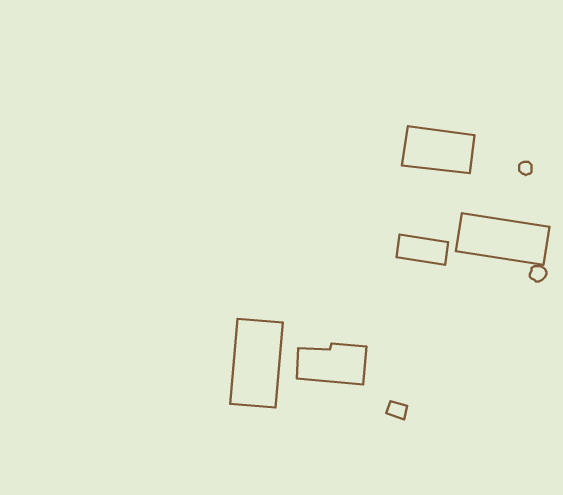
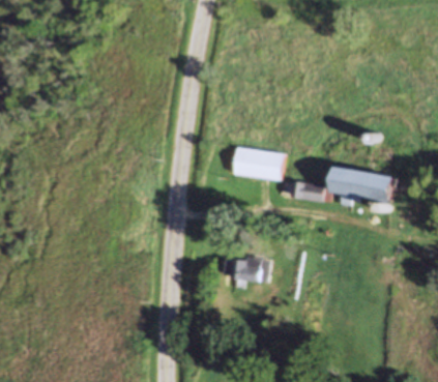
building: [402,126,474,173] -> [233,147,283,179]
building: [230,319,283,407] -> none

